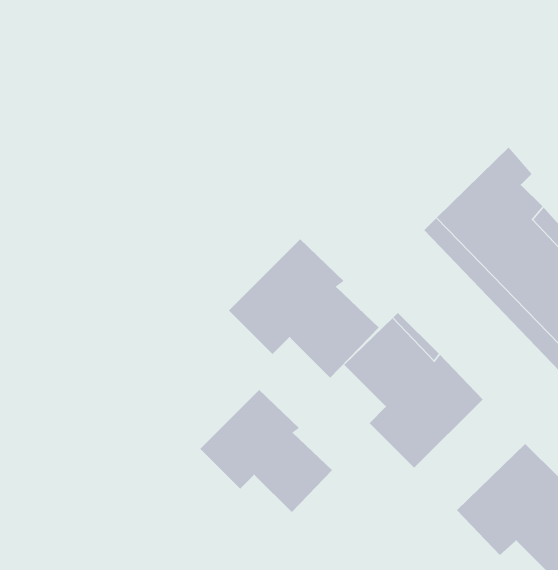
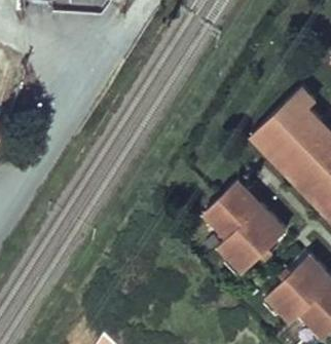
building: [228,239,379,378] -> none
building: [199,389,333,513] -> none

